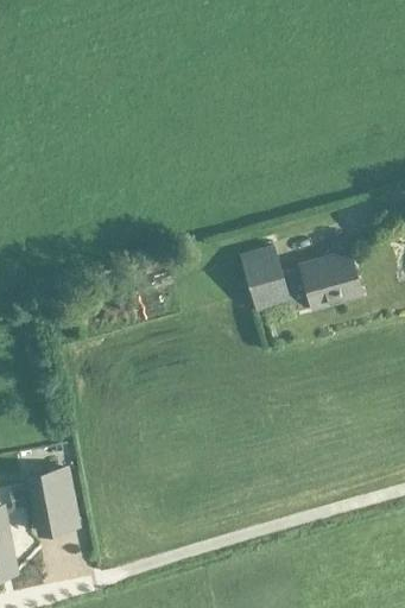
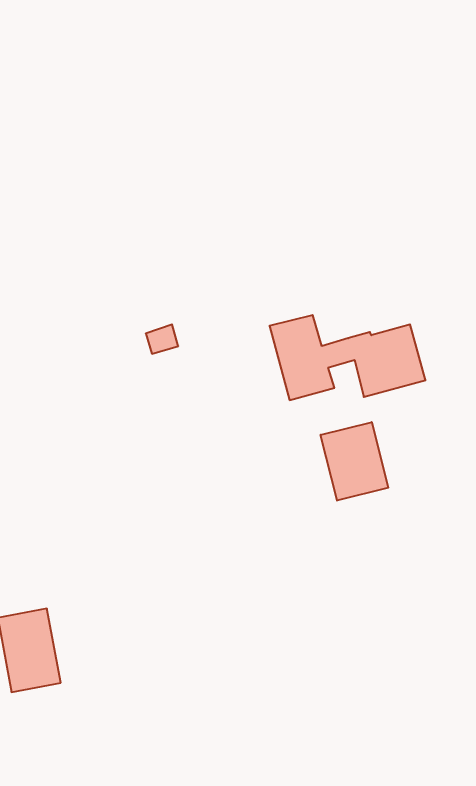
building: none -> [321,422,388,501]

